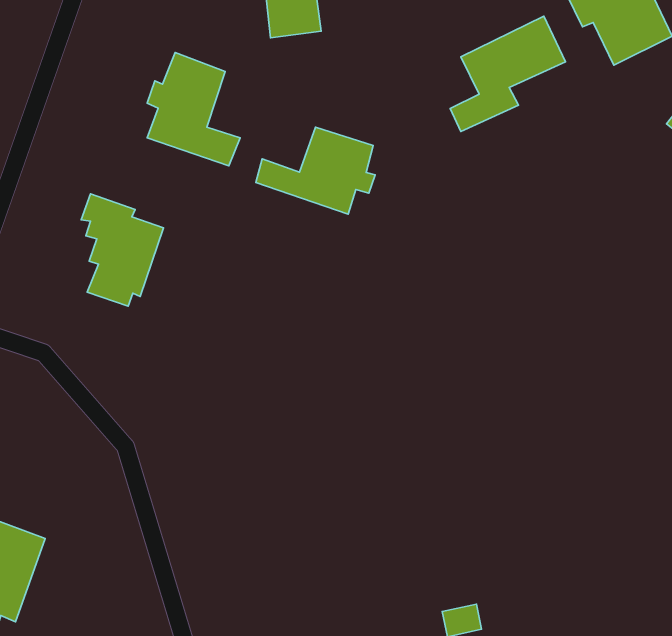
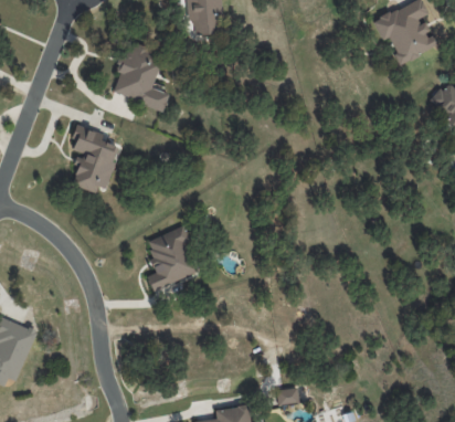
building: [450,16,565,131] -> none
building: [256,127,375,214] -> none
building: none -> [146,228,199,291]

